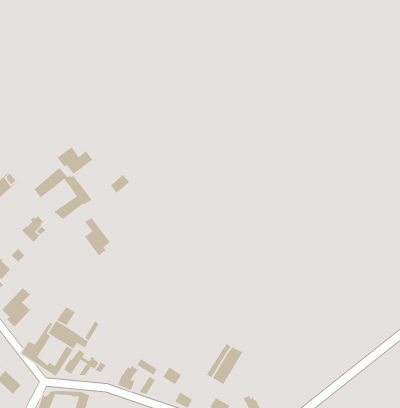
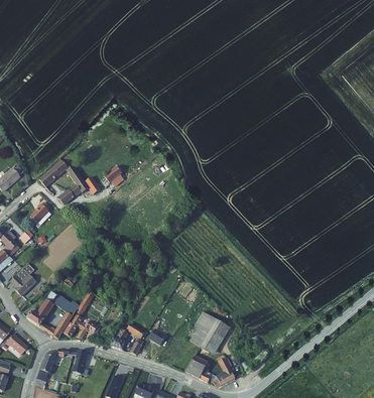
building: [56,146,93,175] -> none
building: [84,217,111,256] -> none
building: none -> [201,319,230,354]

